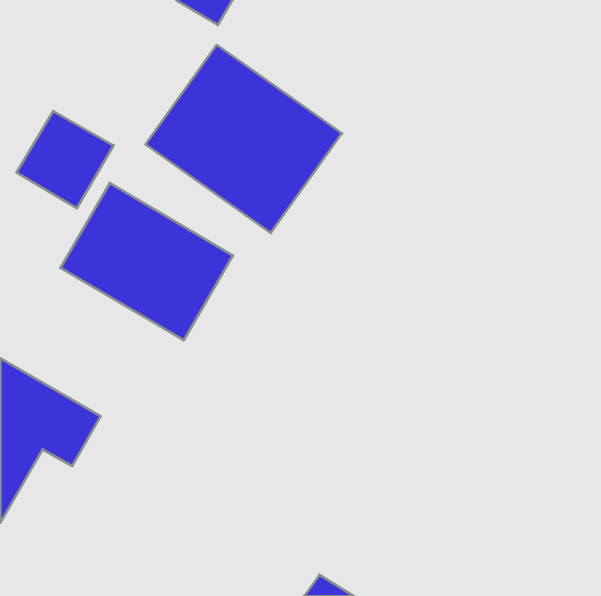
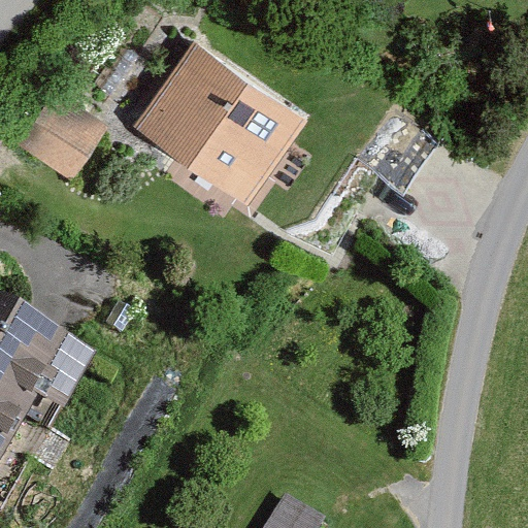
building: [60,183,233,340] -> none

